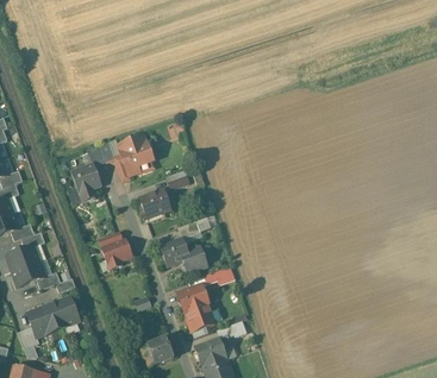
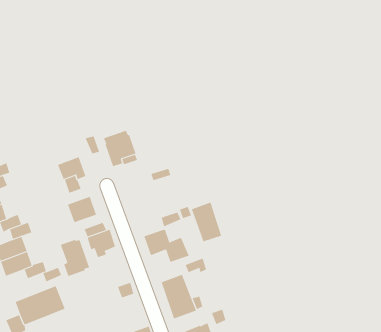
building: [139,189,170,216] -> [67,196,97,223]
building: none -> [191,202,222,242]
building: none -> [60,239,90,277]

